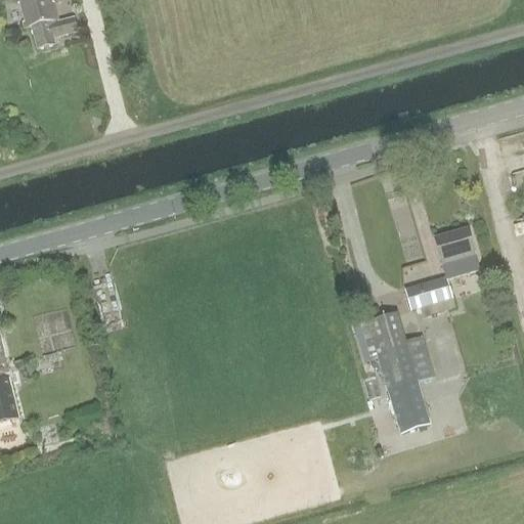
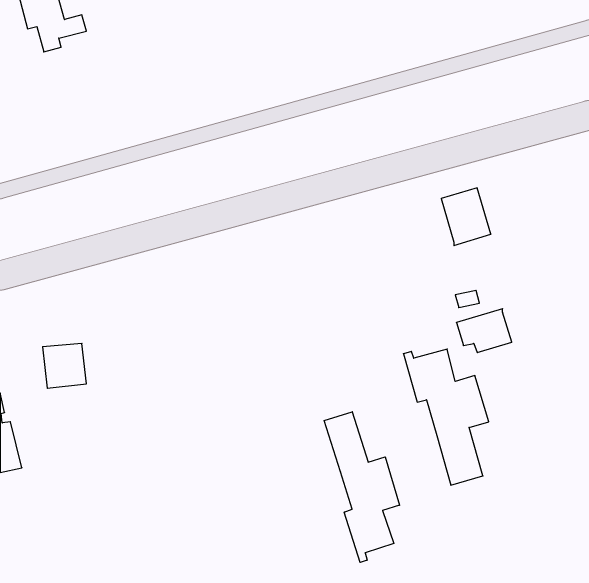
building: [435,226,479,277] -> [441,188,491,246]
building: none -> [324,412,400,562]

